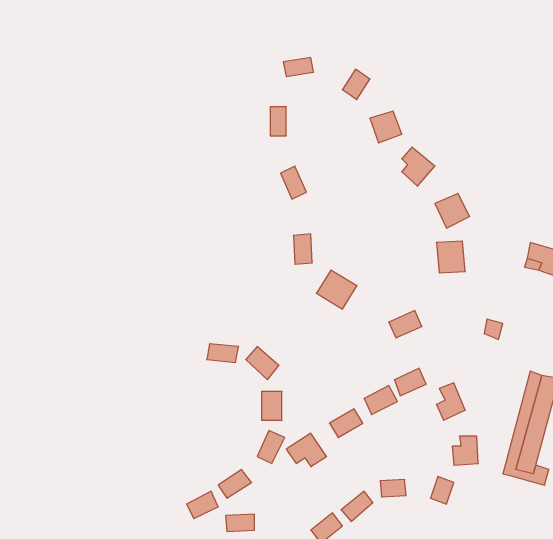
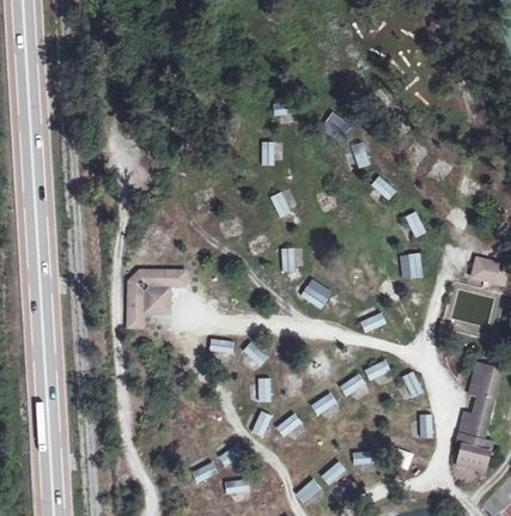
building: none -> [126,260,187,322]
building: none -> [456,448,489,473]

